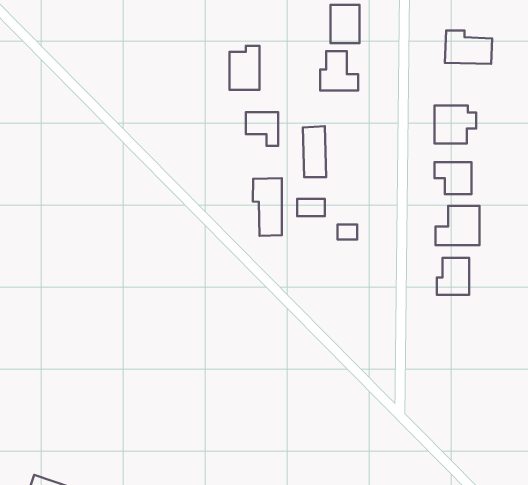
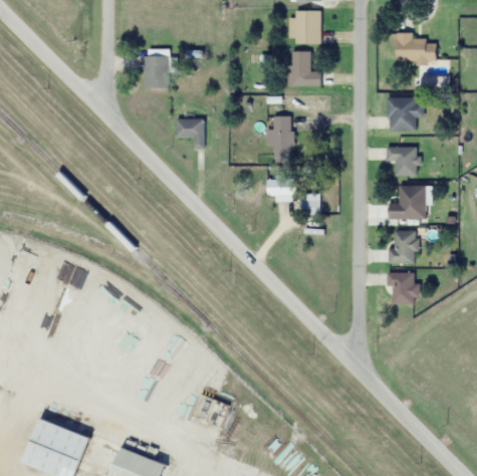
building: [230,46,260,90] -> [144,49,170,87]
building: [246,112,278,146] -> [176,118,204,148]
building: [253,178,282,236] -> none
building: none -> [390,272,417,303]

